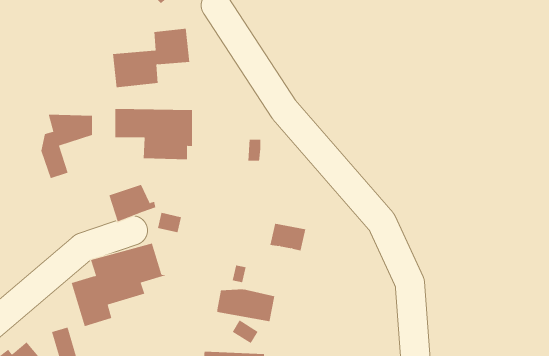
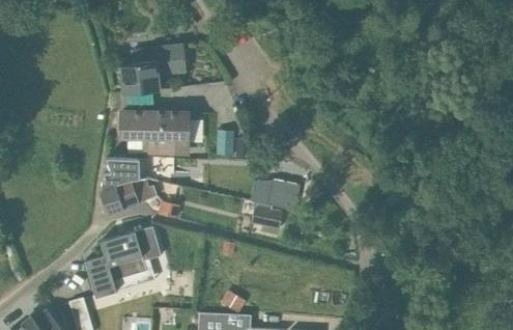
building: [40,114,93,179] -> [99,158,144,213]
building: [216,289,275,322] -> [251,184,301,212]

